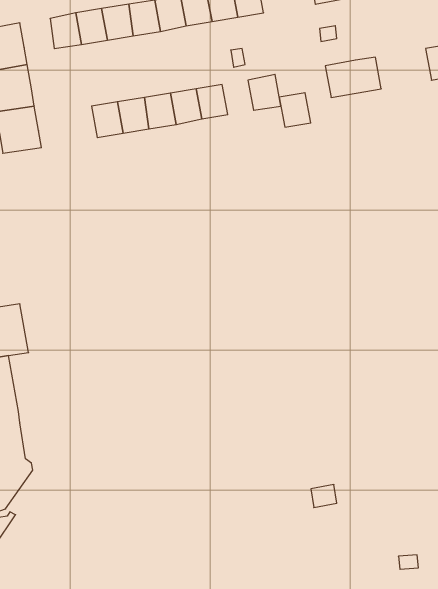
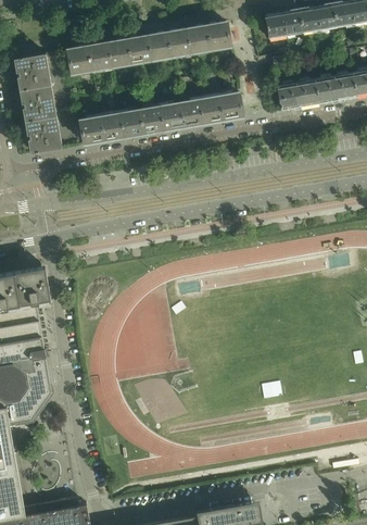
building: none -> [314,73,356,103]
building: [279,93,311,127] -> [198,97,222,123]
building: none -> [79,116,103,143]

